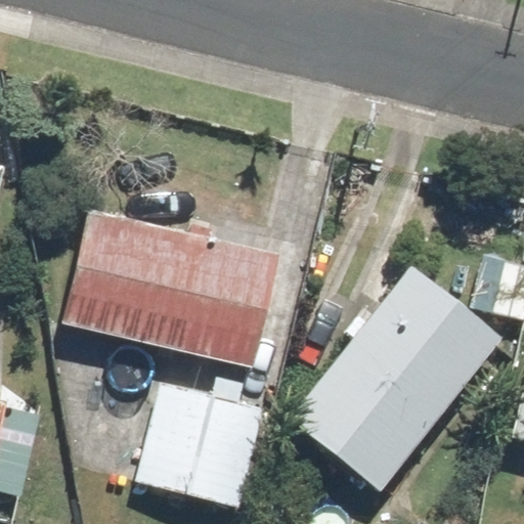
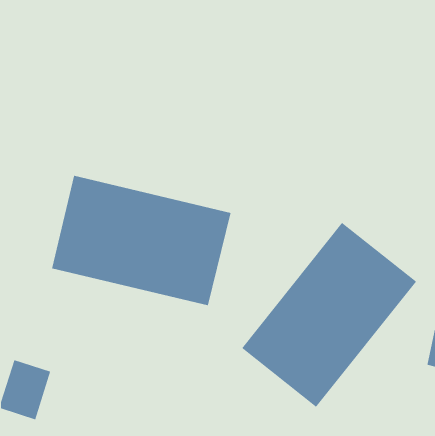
building: [137,382,265,507] -> none

